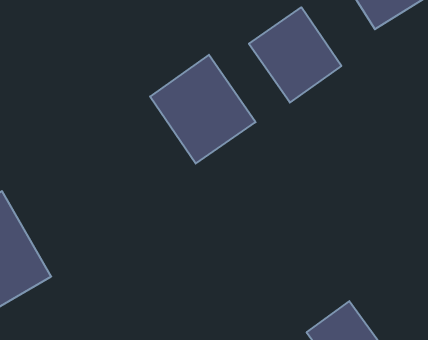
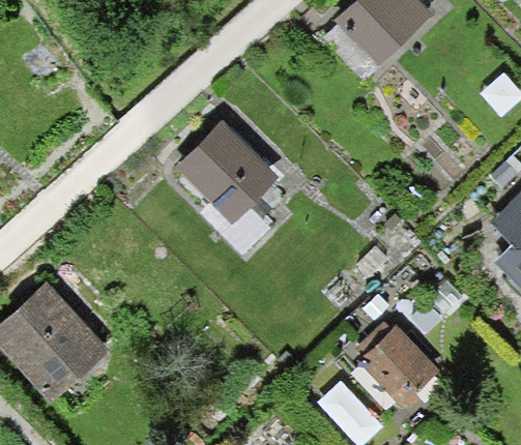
building: [249,7,341,103] -> none

